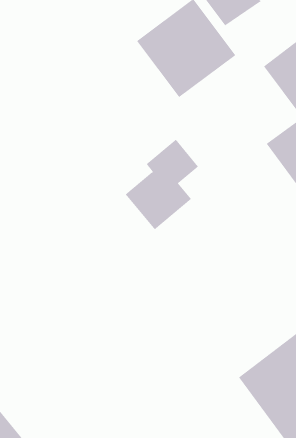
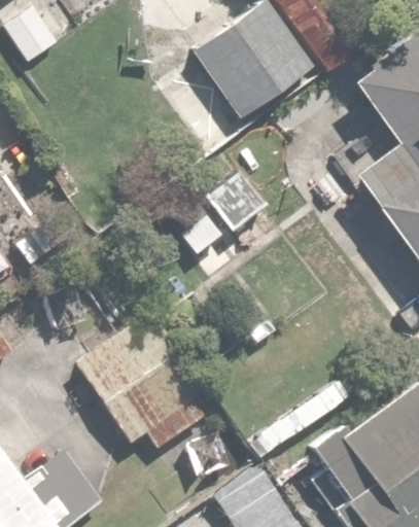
building: none -> [78,314,206,442]

